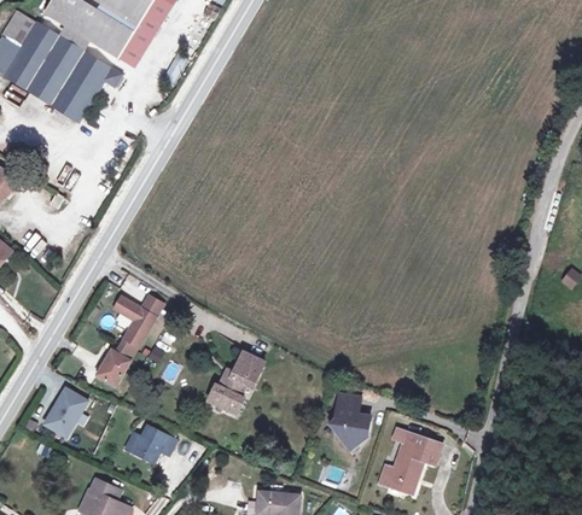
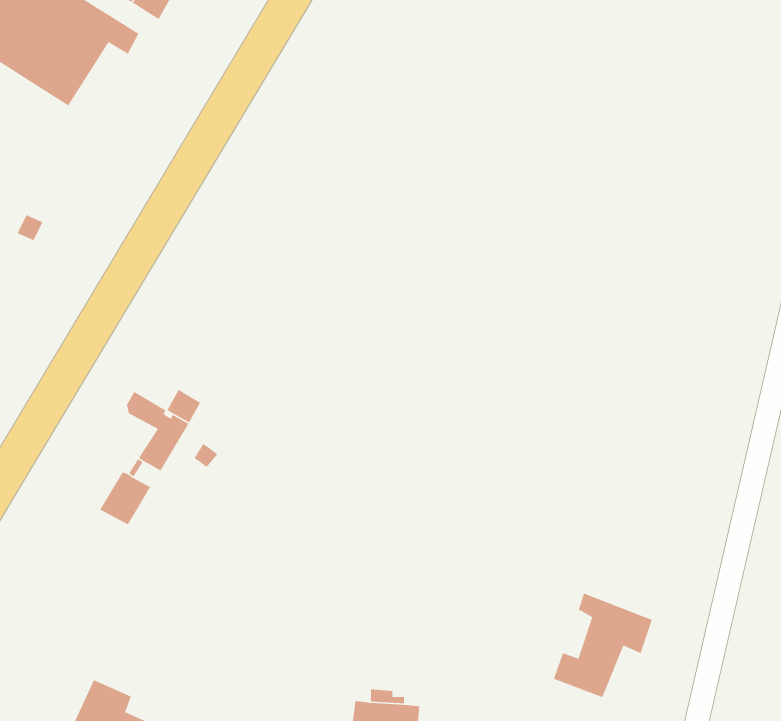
building: [208,351,262,411] -> none
building: [43,386,87,435] -> none
building: [338,393,374,445] -> none
building: [124,427,174,463] -> none

